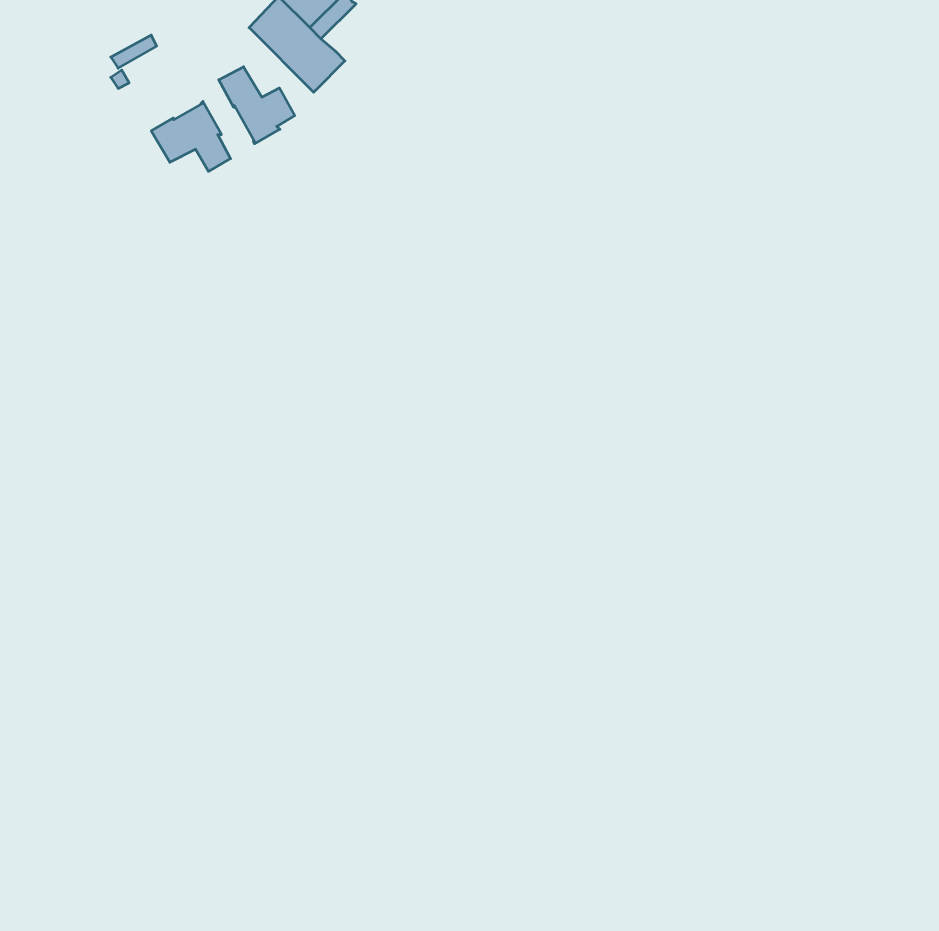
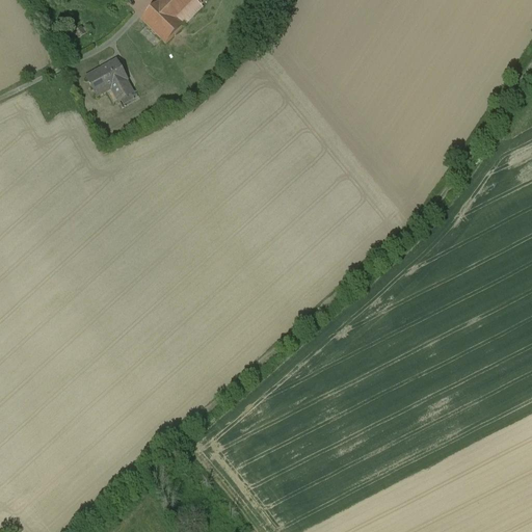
building: [219,67,295,144] -> none

